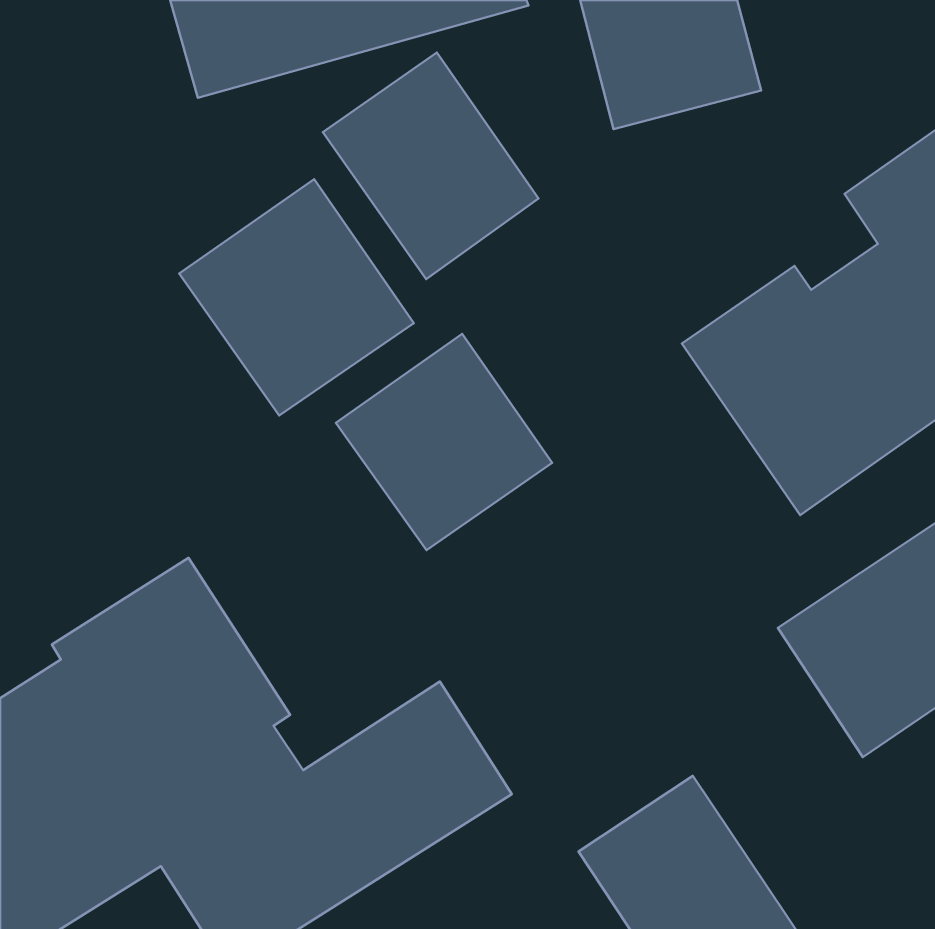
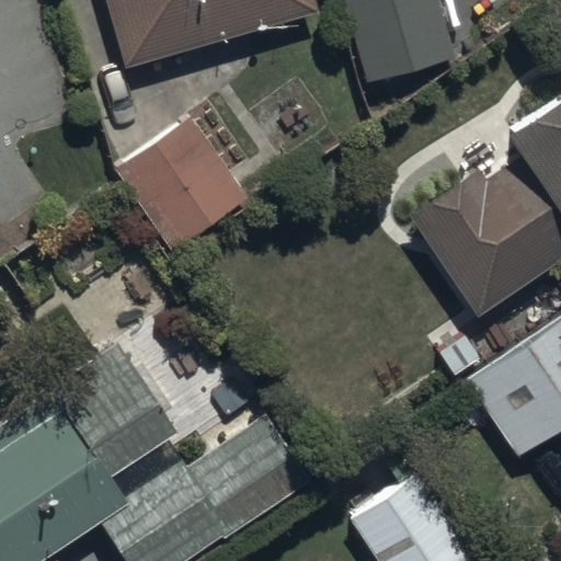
building: [323,52,539,279] -> none
building: [336,334,552,550] -> none

